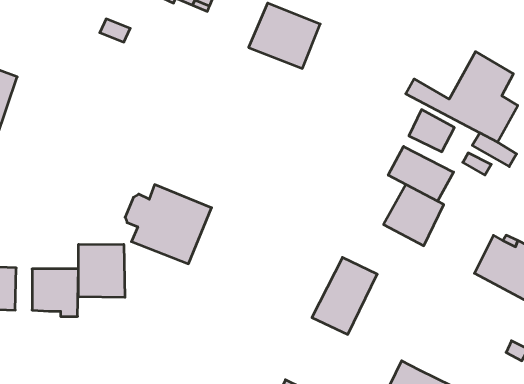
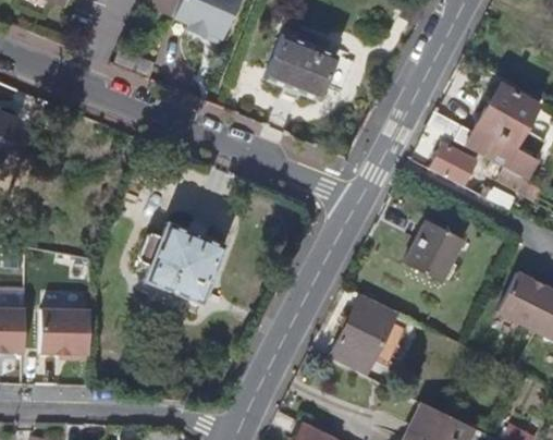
building: [388,146,454,201] -> none
building: [79,244,125,297] -> none

